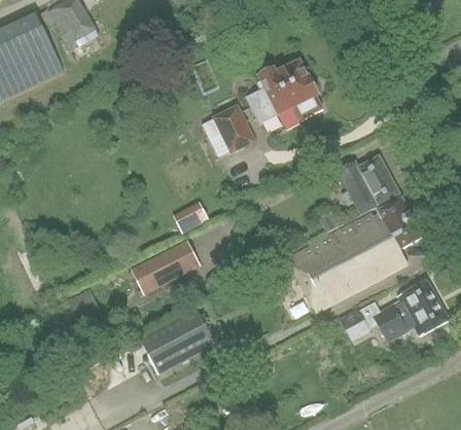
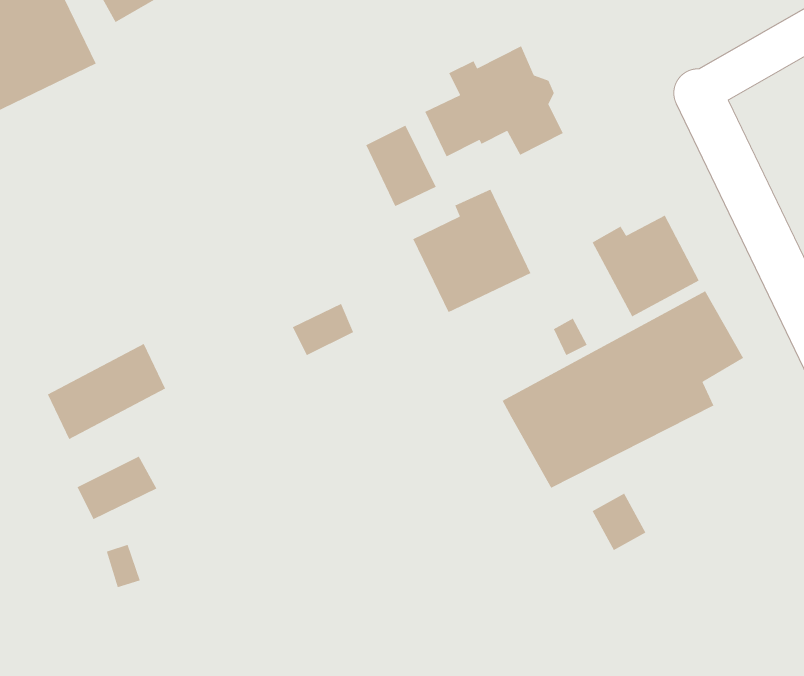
building: none -> [412,188,531,313]
building: [131,241,198,295] -> [47,343,166,440]
building: [375,280,451,338] -> none
building: [138,308,216,372] -> none

